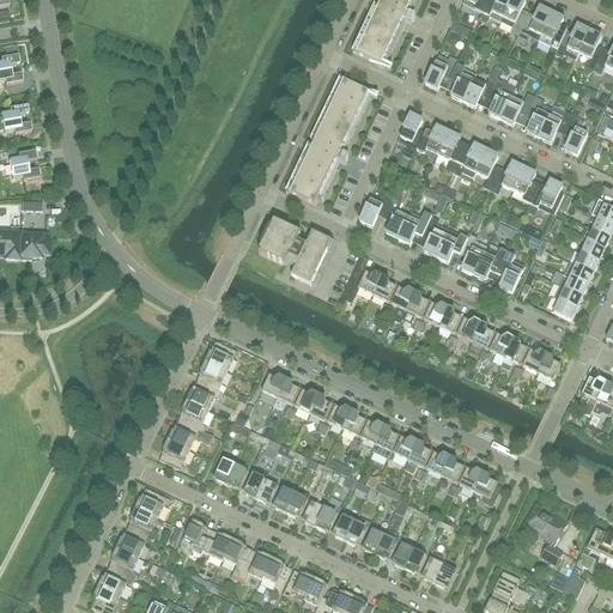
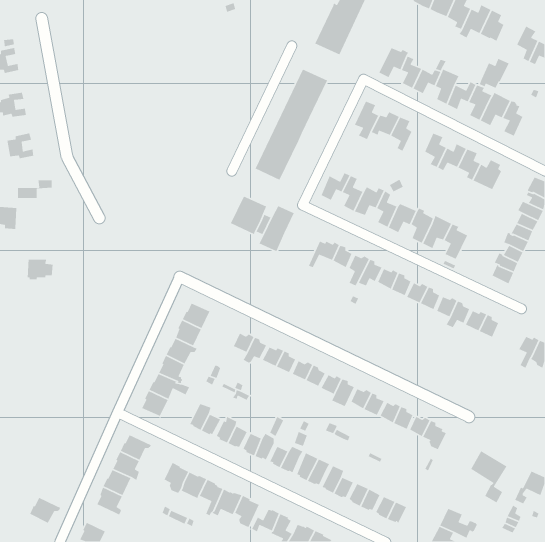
building: [554,23,589,57] -> [479,58,510,89]
building: [451,142,485,174] -> none
building: [18,233,48,257] -> [27,259,54,280]
building: [97,565,133,595] -> [29,497,61,524]

